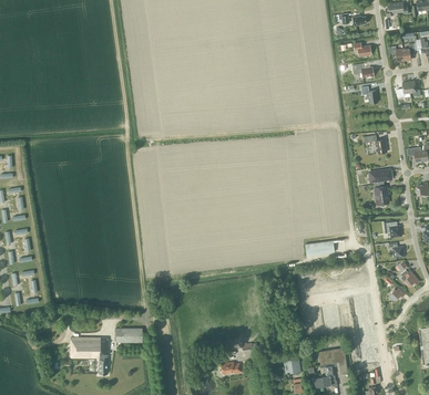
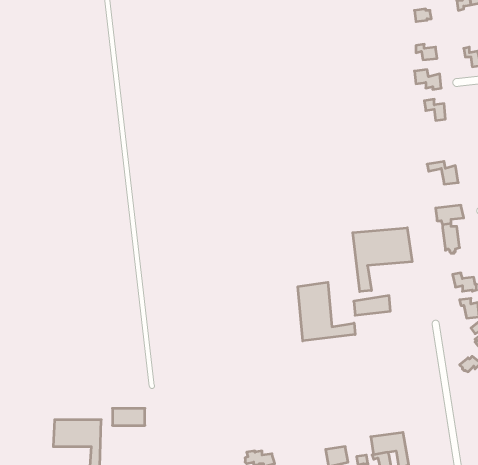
building: none -> [353,228,412,292]
building: none -> [298,282,355,341]

